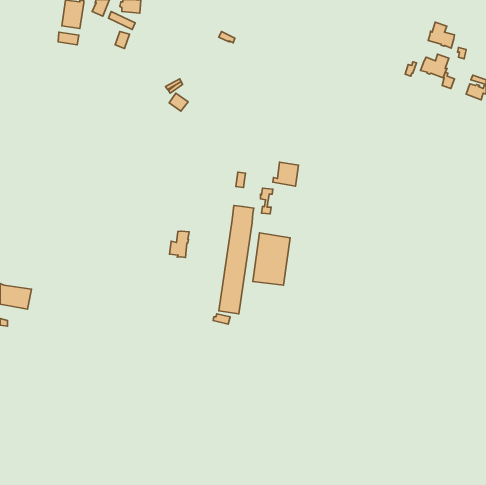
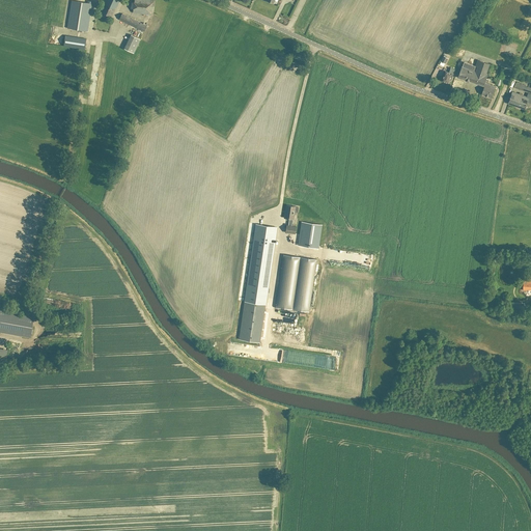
building: [428,22,454,48] -> none
building: [273,162,298,186] -> [294,222,322,248]
building: [169,231,189,258] -> none

